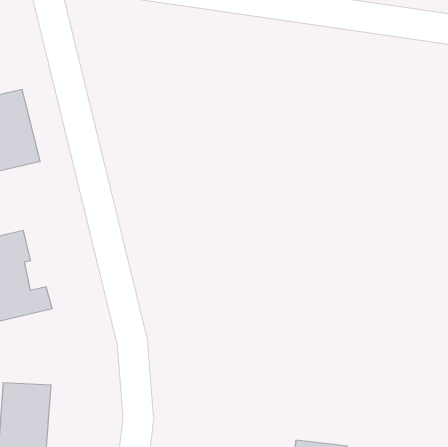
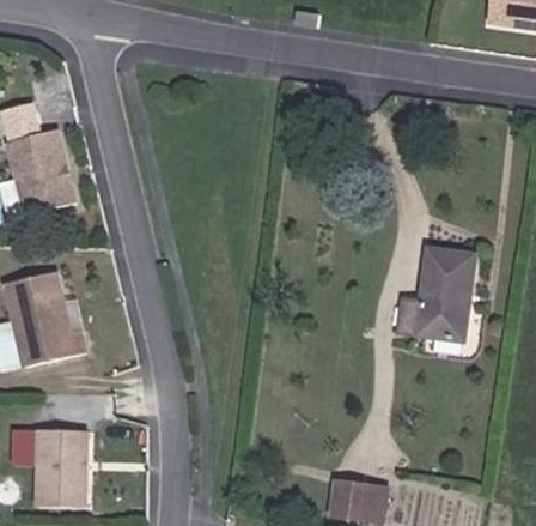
building: none -> [396,248,473,341]

